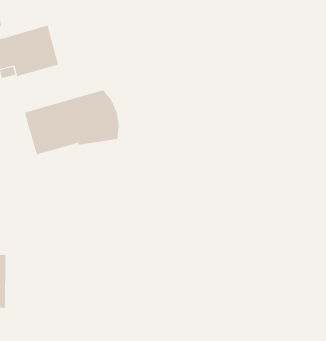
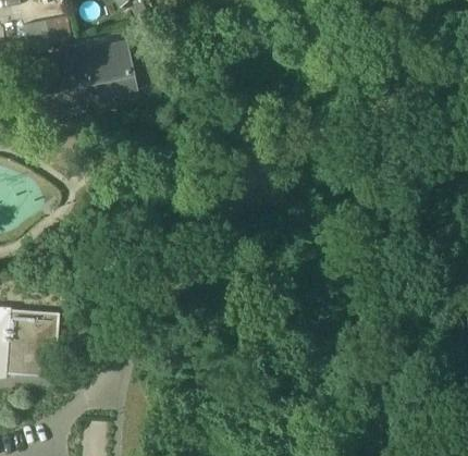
building: [24,89,119,155] -> none

